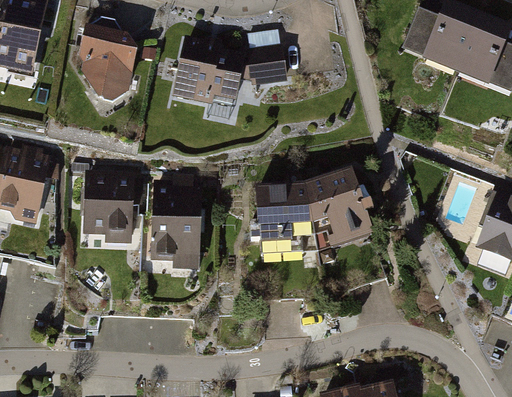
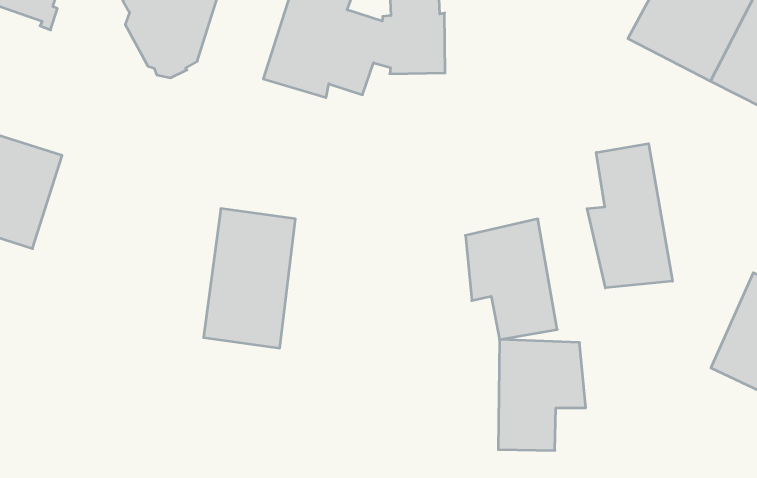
building: none -> [587,144,672,288]
building: [84,174,133,244] -> none
building: [259,183,318,256] -> [498,340,586,450]

